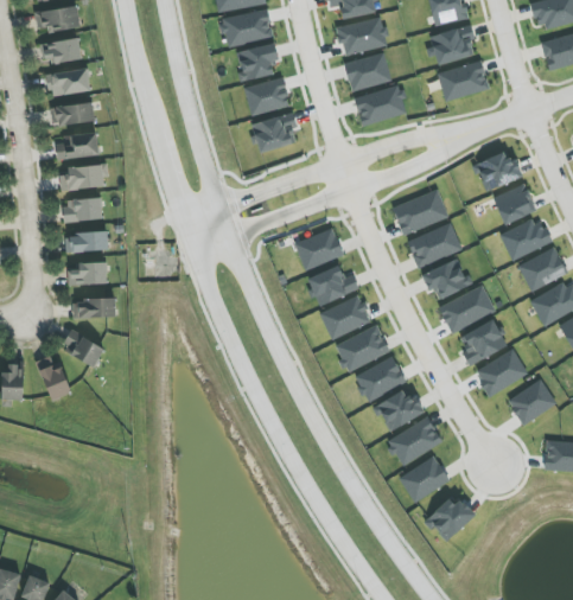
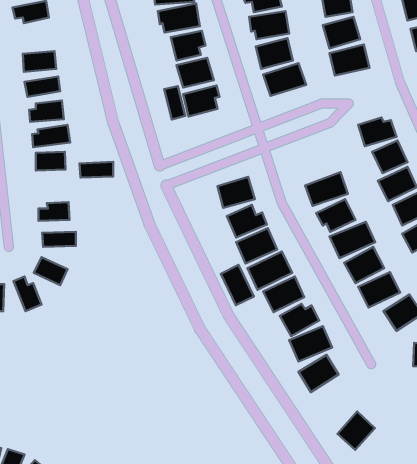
building: [40,39,81,62] -> none
building: none -> [164,86,185,120]
building: [391,189,448,235] -> none
building: [65,231,108,251] -> [80,162,113,178]
building: none -> [221,265,254,305]
building: [426,493,473,542] -> [337,411,375,450]

